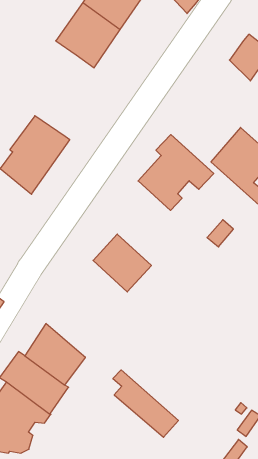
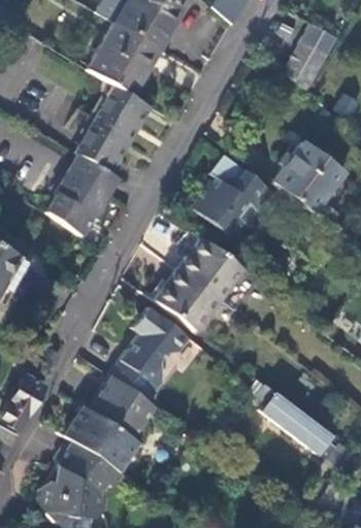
building: none -> [76,77,154,167]
building: none -> [178,237,258,304]
building: none -> [108,305,189,400]
building: [113,370,178,437] -> [255,384,330,453]

